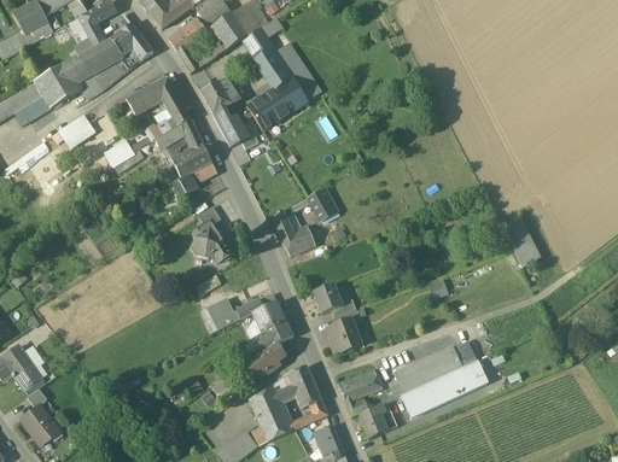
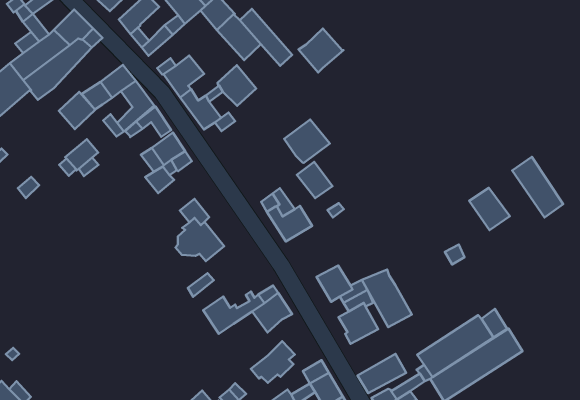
building: [268,77,308,116] -> [299,29,343,73]
building: [59,116,92,148] -> [59,92,95,129]
building: none -> [284,120,330,163]
building: none -> [469,188,510,230]
building: none -> [362,270,412,327]
building: [251,321,292,355] -> none

